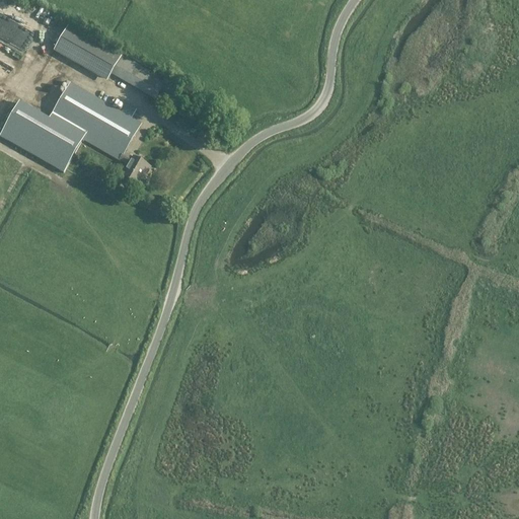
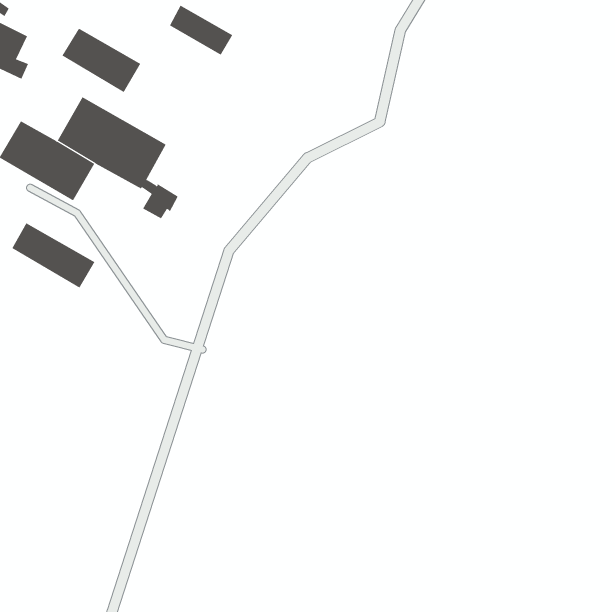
building: [110,55,164,97] -> [169,5,233,56]
building: none -> [12,222,95,288]

